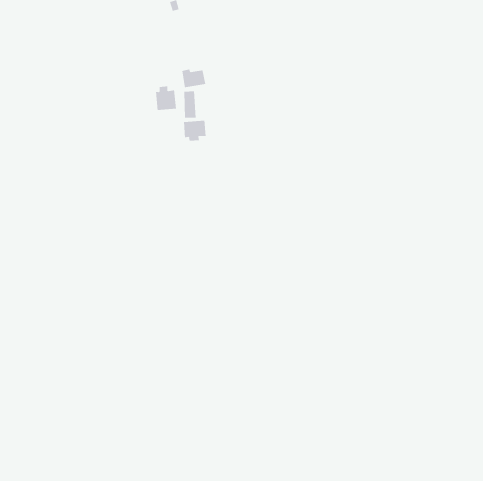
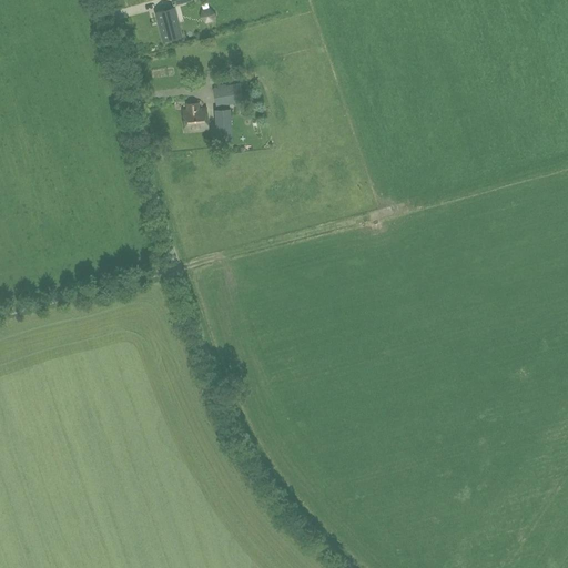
building: none -> [154,4,181,39]
building: [183,120,206,142] -> none

